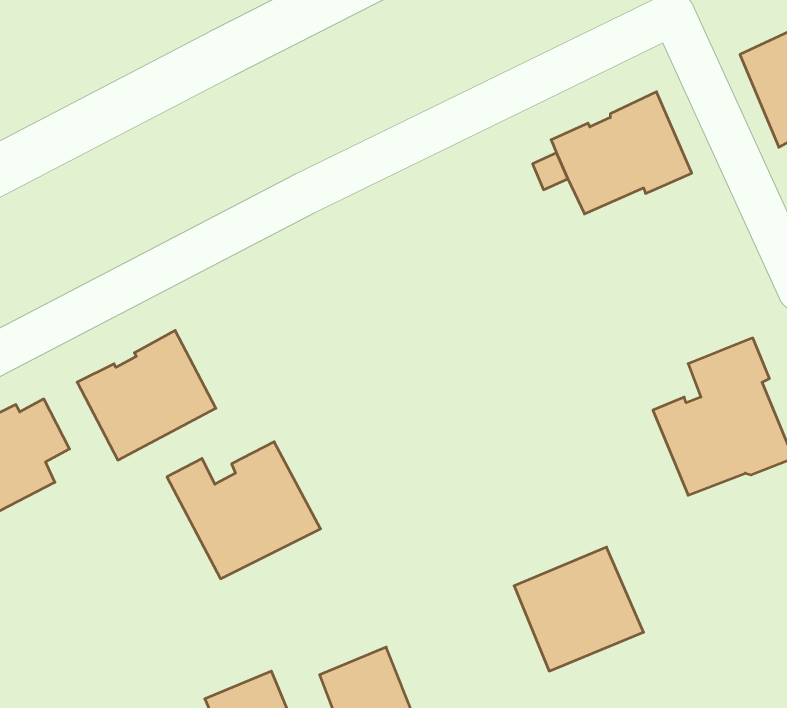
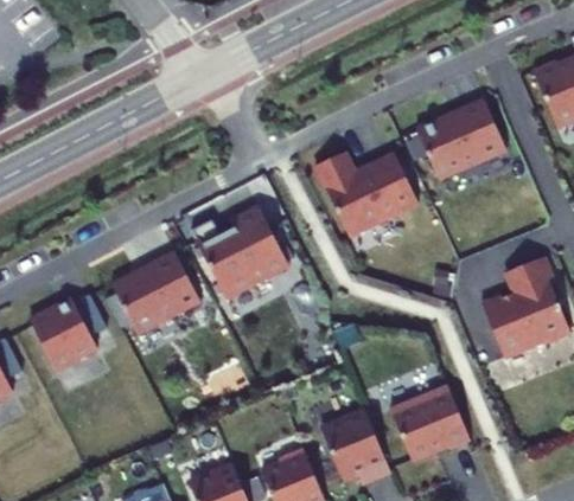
building: none -> [313,150,416,236]
building: [167,442,321,579] -> [189,207,287,295]
building: none -> [319,407,389,483]

